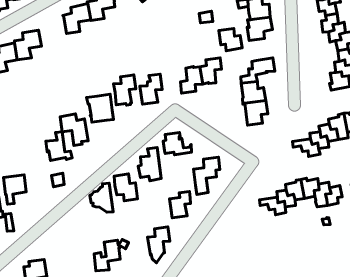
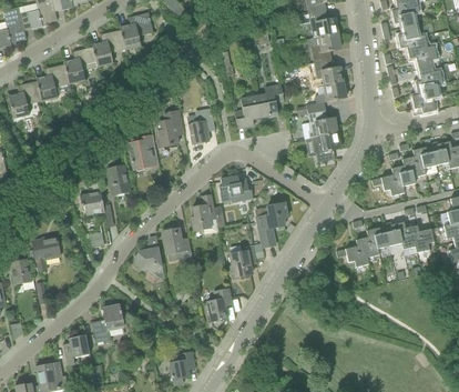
building: none -> [64,47,98,83]
building: [219,29,242,51] -> [314,59,343,86]
building: [94,240,120,271] -> [92,304,123,342]

